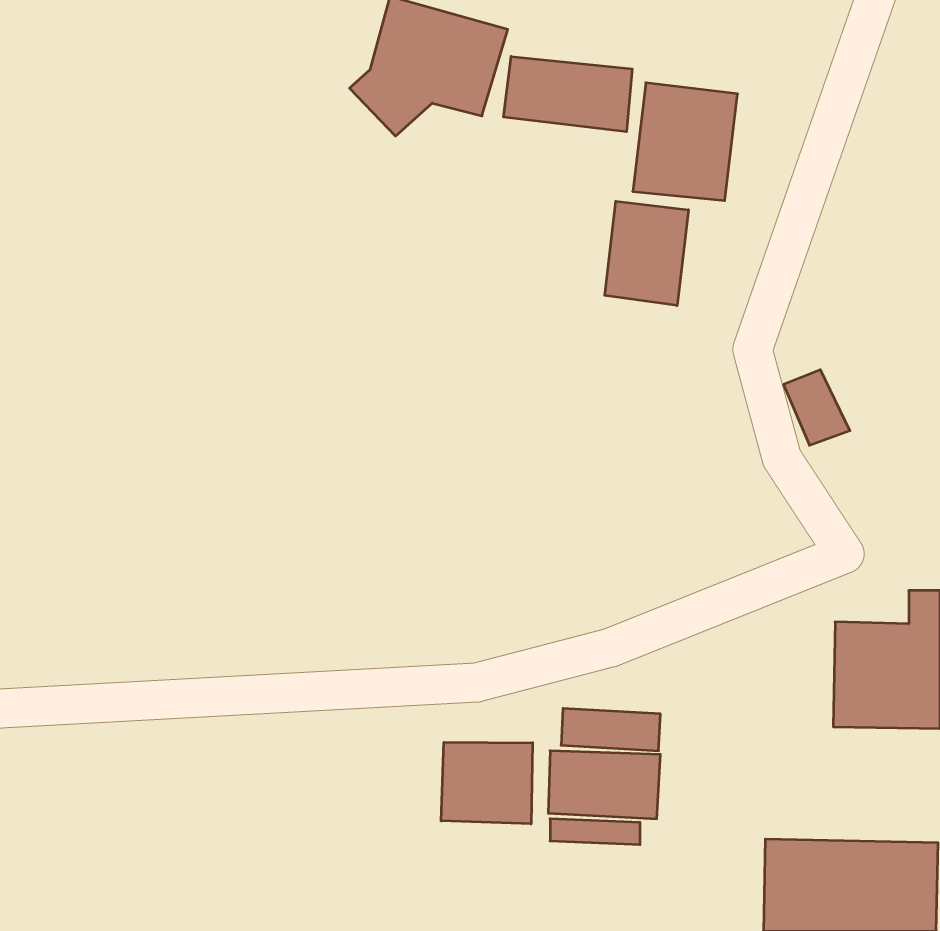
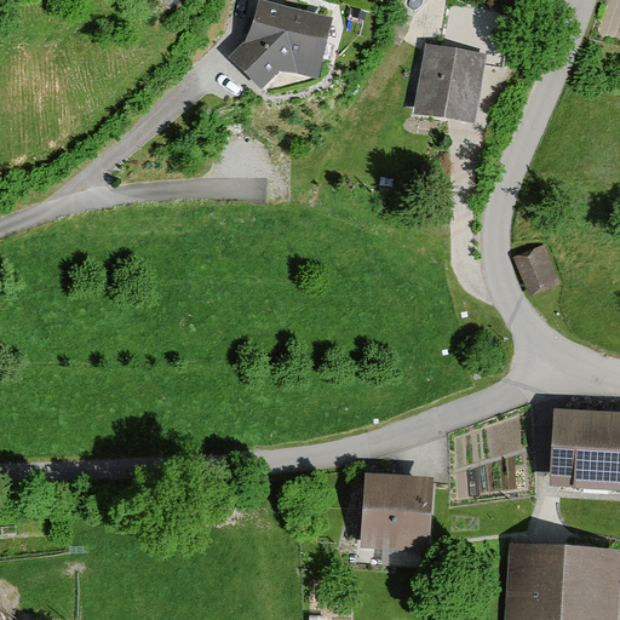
building: [504,56,632,132] -> none
building: [605,201,688,306] -> none
building: [441,742,533,824] -> none

